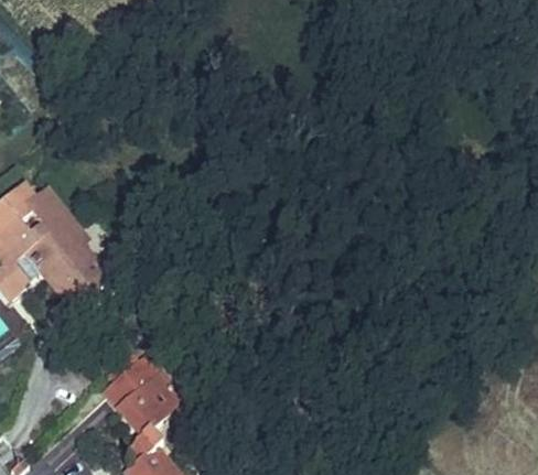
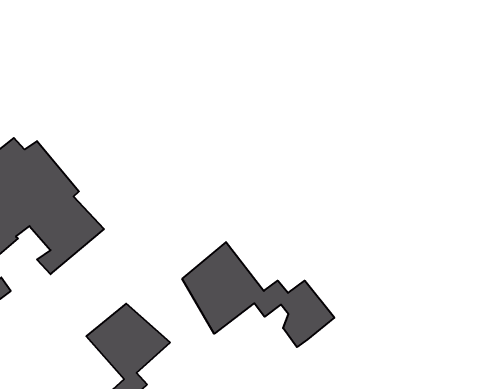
building: none -> [182,242,334,347]

